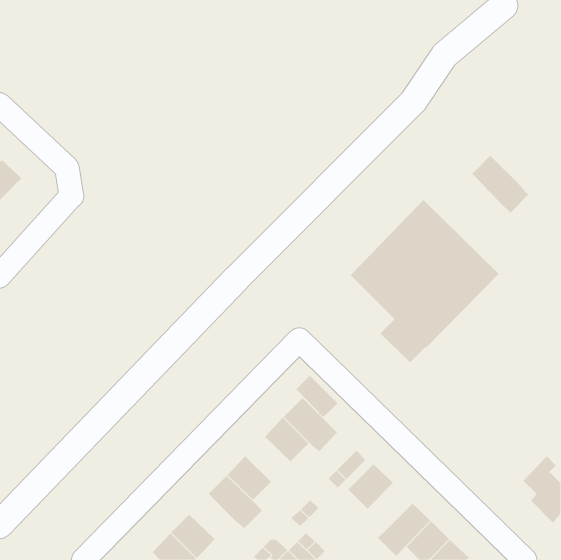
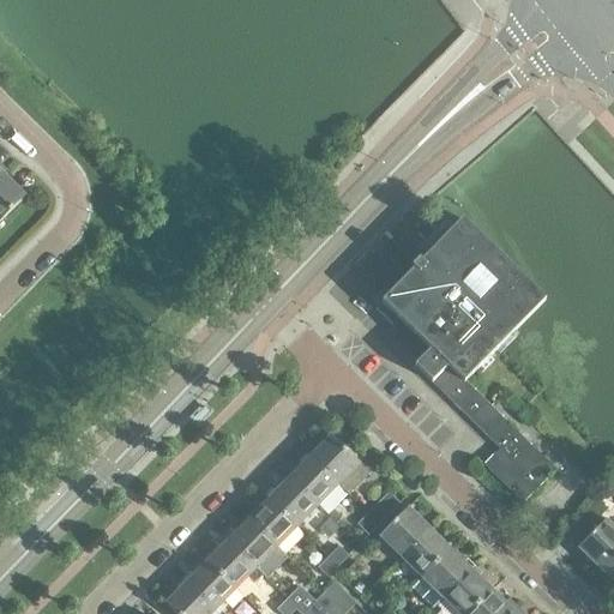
building: [471,155,529,214] -> none
building: none -> [447,379,555,501]
building: [295,375,338,418] -> none
building: none -> [267,476,317,525]
building: none -> [401,526,450,576]
building: none -> [206,538,263,588]

